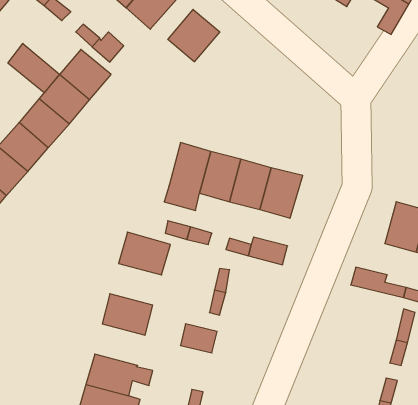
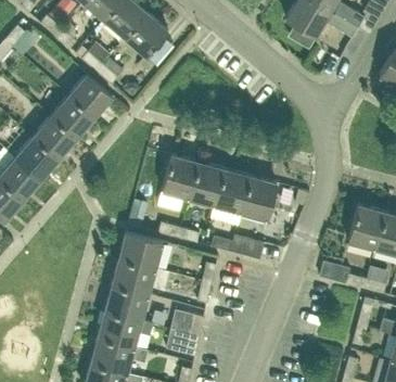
building: [168,9,220,62] -> none
building: [8,43,60,93] -> none
building: none -> [111,258,155,294]
building: none -> [98,310,152,346]
building: none -> [167,329,199,355]

